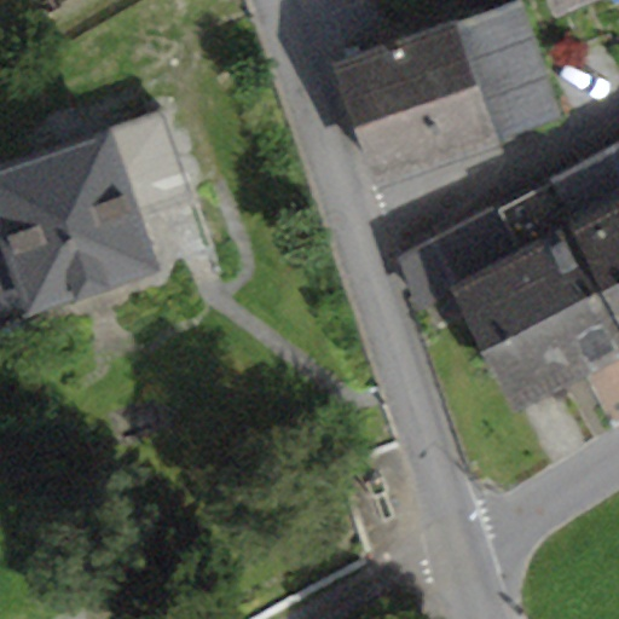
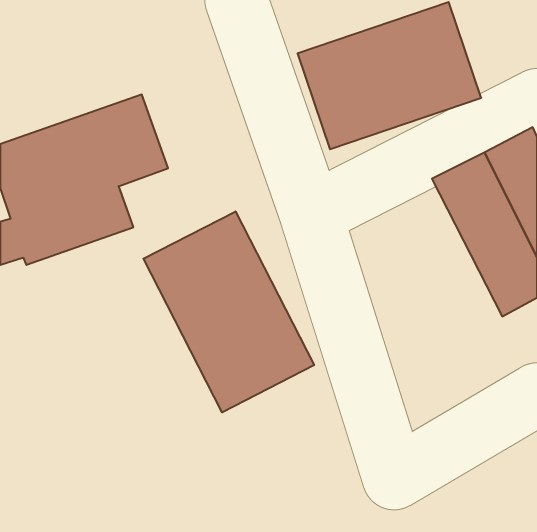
building: [405,212,578,403] -> none
building: none -> [143,211,314,412]

